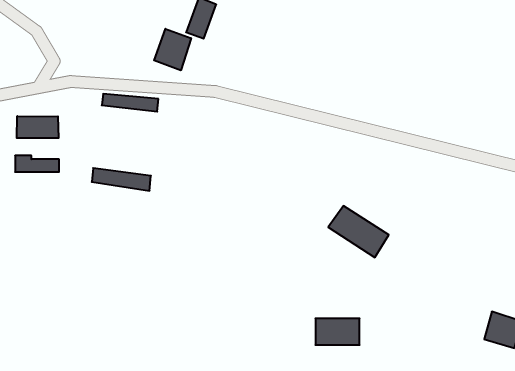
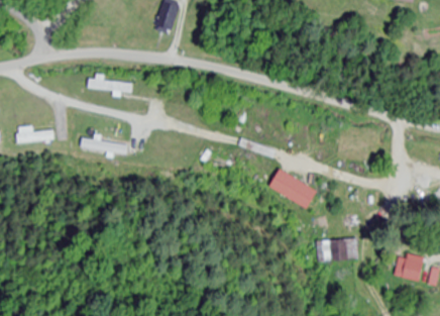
building: [154,29,191,70] -> none
building: [17,116,59,138] -> none
building: [315,318,360,345] -> [322,239,357,260]

